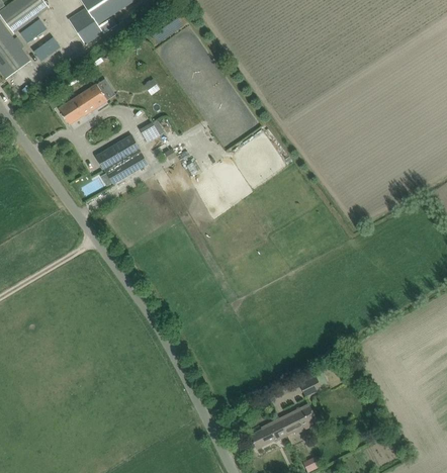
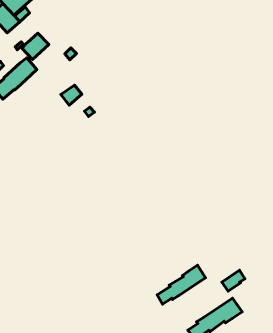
building: none -> [22,33,49,59]
building: [96,134,147,181] -> none
building: none -> [157,265,206,304]

